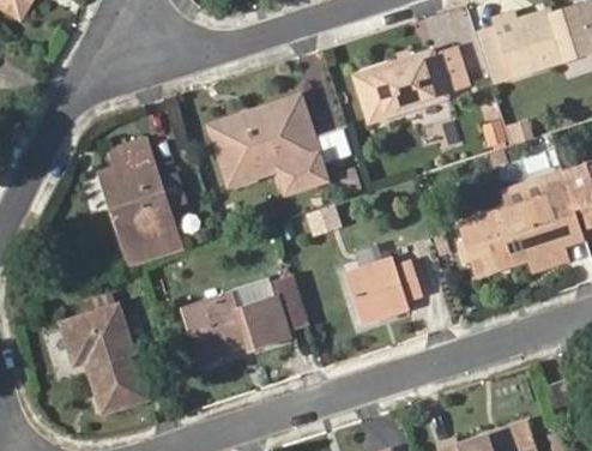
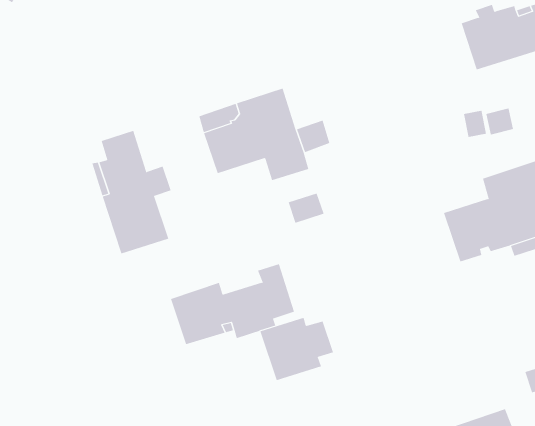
building: [356,46,470,121] -> none
building: [345,259,421,324] -> [260,317,334,381]
building: [61,307,147,414] -> none

